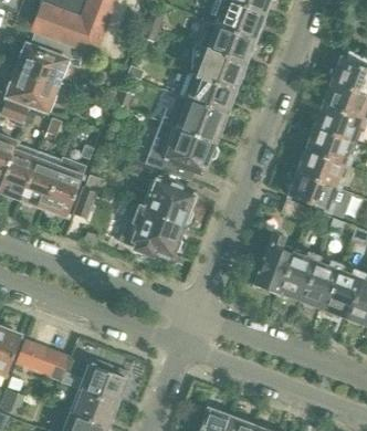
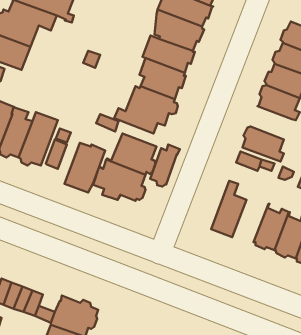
building: [297,150,343,189] -> none
building: none -> [65,143,105,192]
building: none -> [150,144,180,187]
building: [277,253,317,299] -> none

